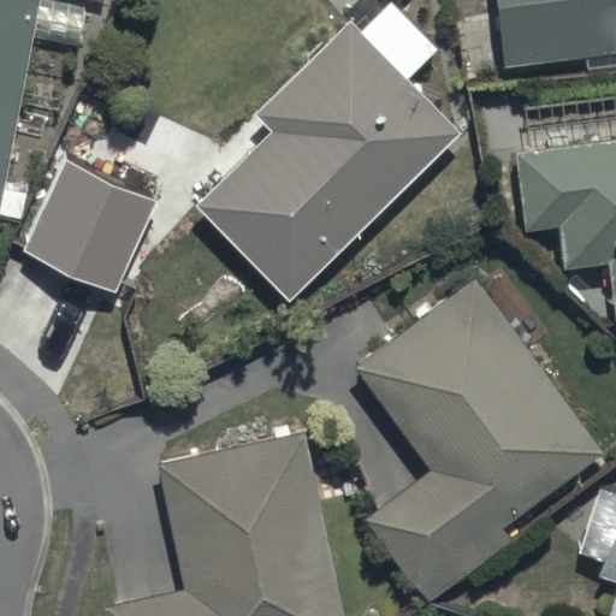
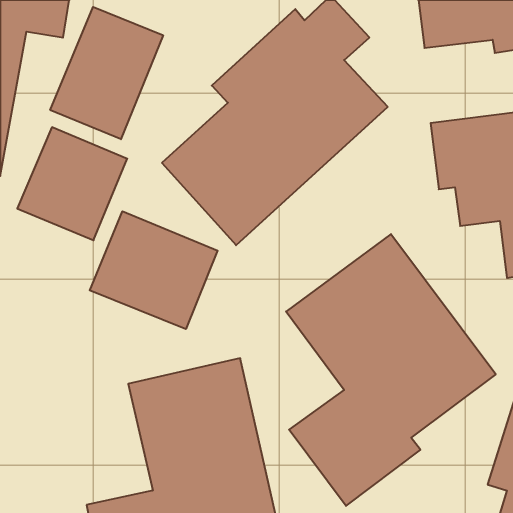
building: none -> [50,7,163,139]
building: none -> [90,211,218,329]

